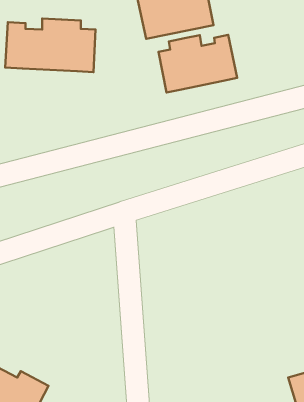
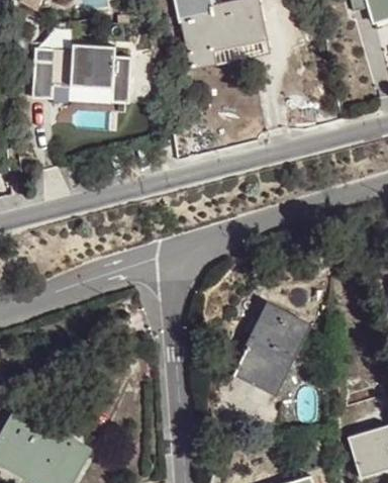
building: [158,35,237,93] -> none
building: none -> [233,310,311,381]

